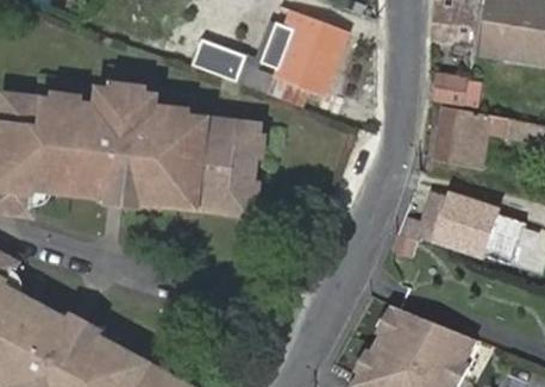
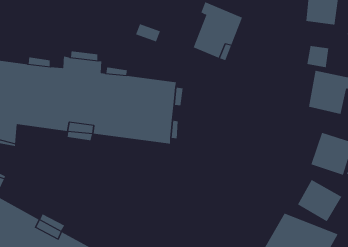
building: none -> [297,179,342,222]

